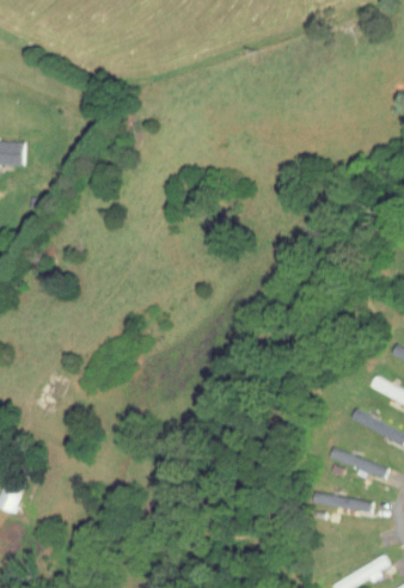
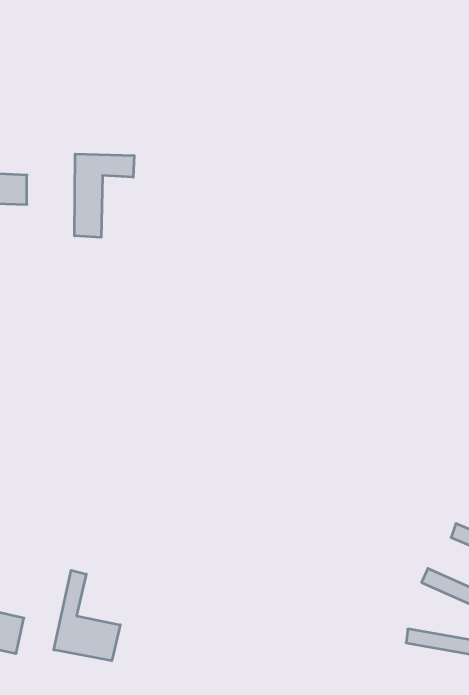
building: none -> [75,154,134,237]
building: none -> [54,570,120,661]

